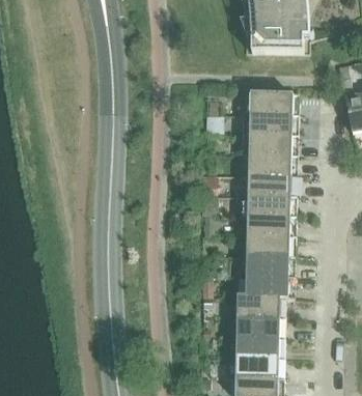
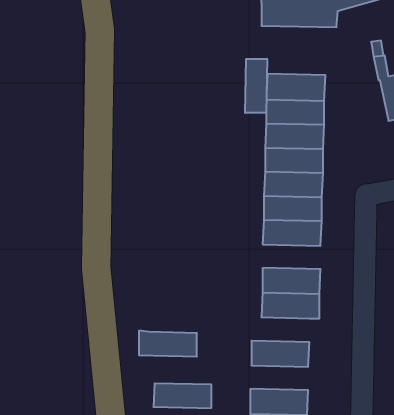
building: none -> [245,59,267,113]
building: [246,233,295,254] -> none
building: [236,293,285,315] -> [139,331,197,357]
building: [235,335,284,356] -> [153,383,211,408]

